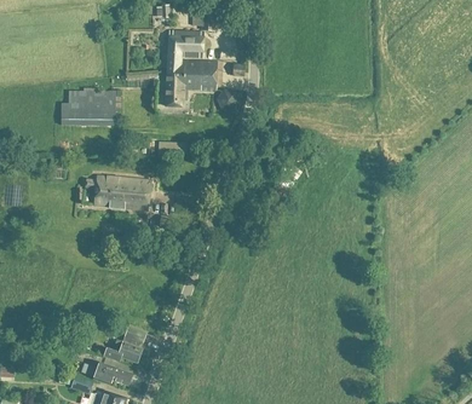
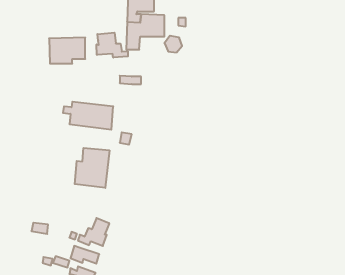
building: none -> [97,33,128,58]
building: none -> [75,148,109,188]

